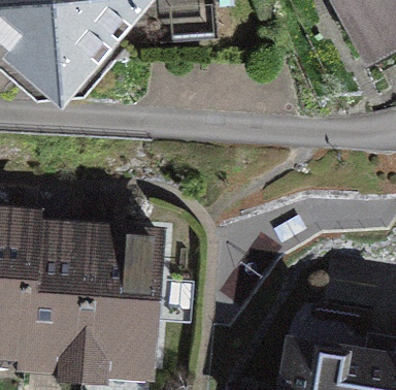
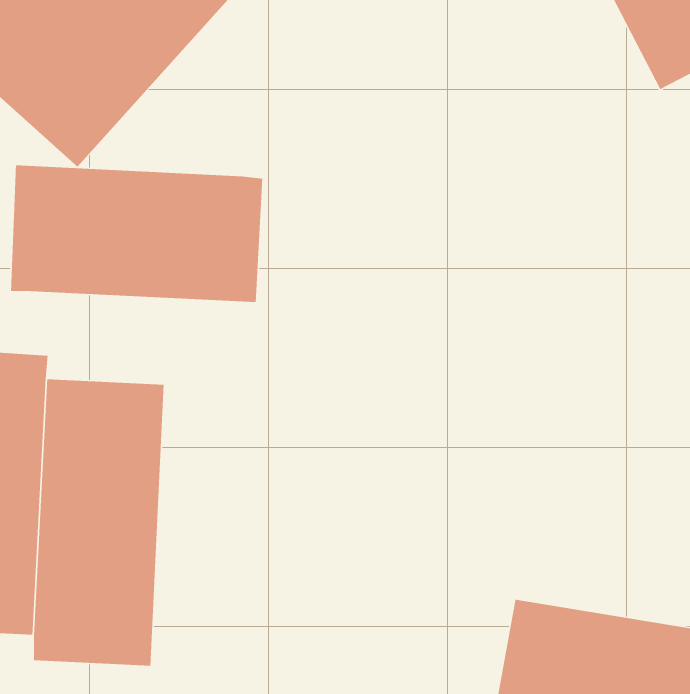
building: none -> [10,165,263,303]
building: [94,223,164,377] -> none

